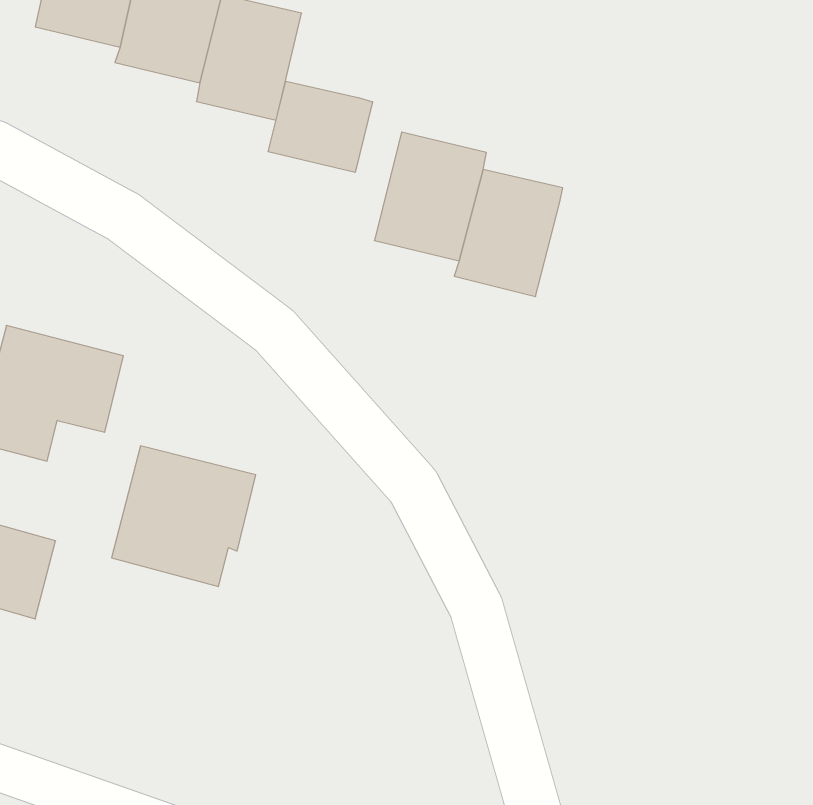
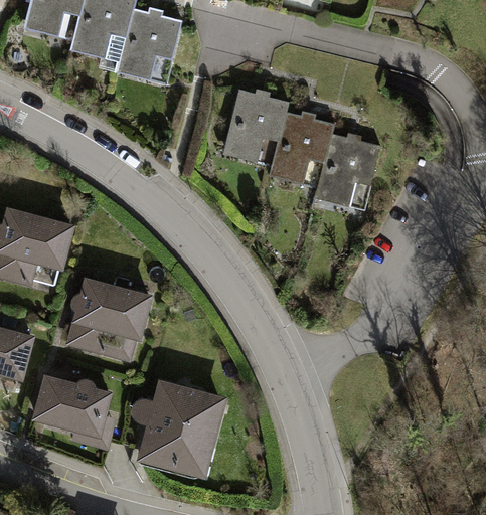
building: [268,81,373,172] -> none
building: none -> [315,133,380,209]
building: none -> [31,371,116,450]
building: none -> [132,376,224,477]

